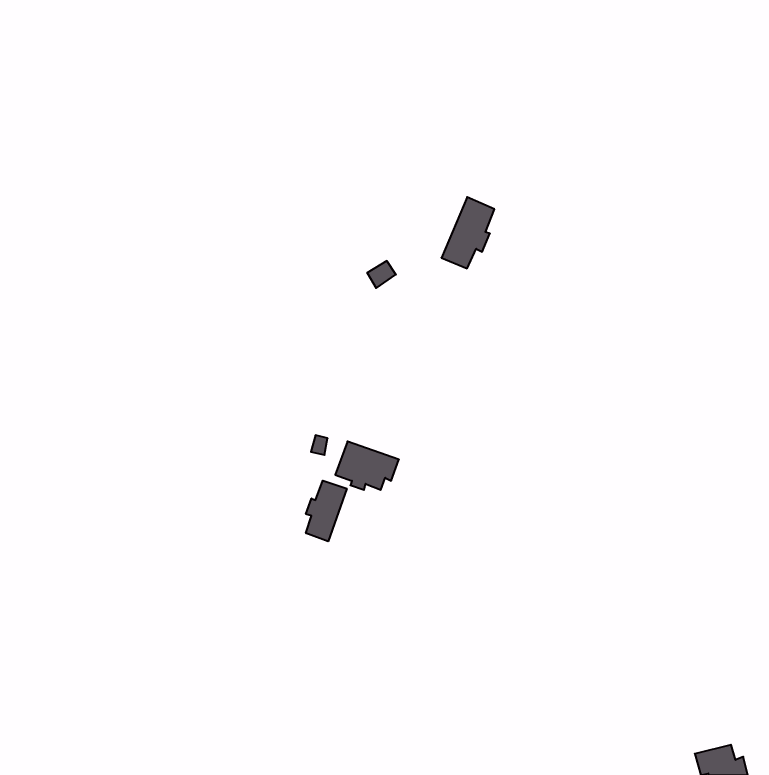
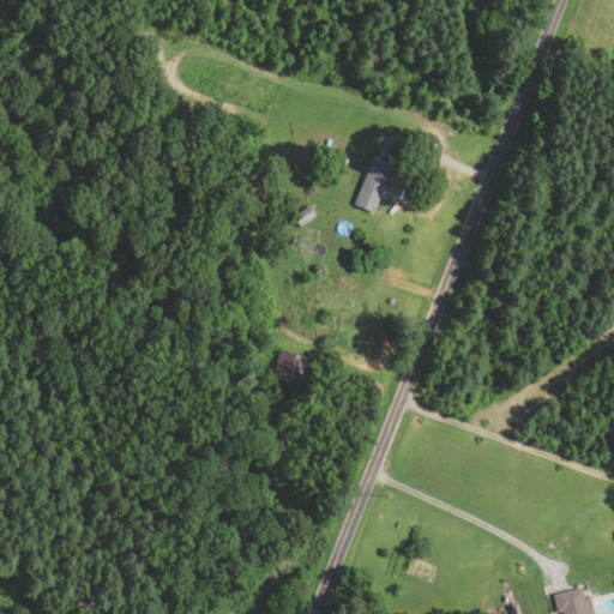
building: [306,481,347,541] -> none

